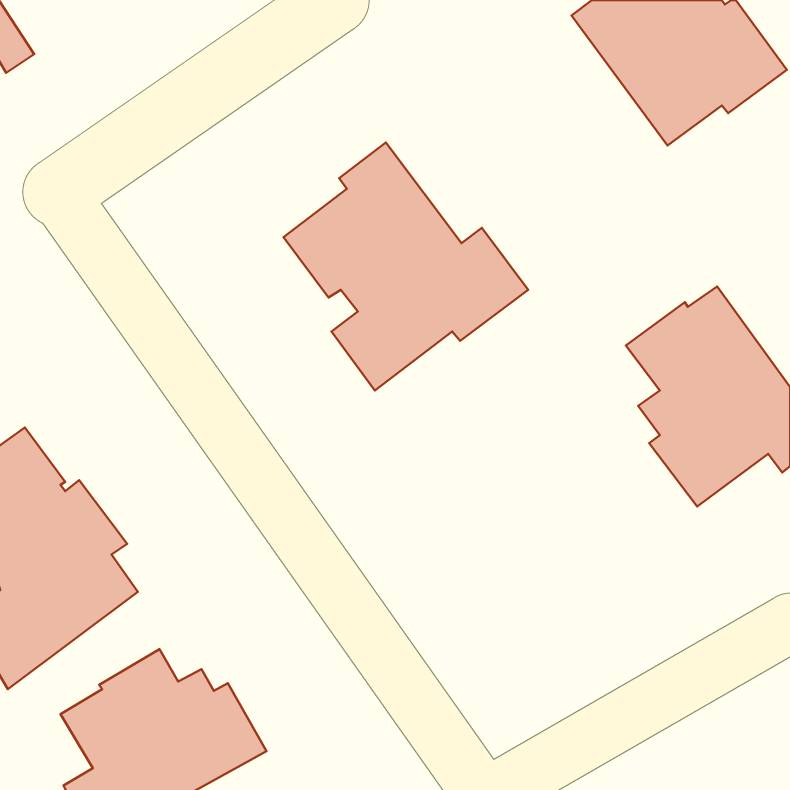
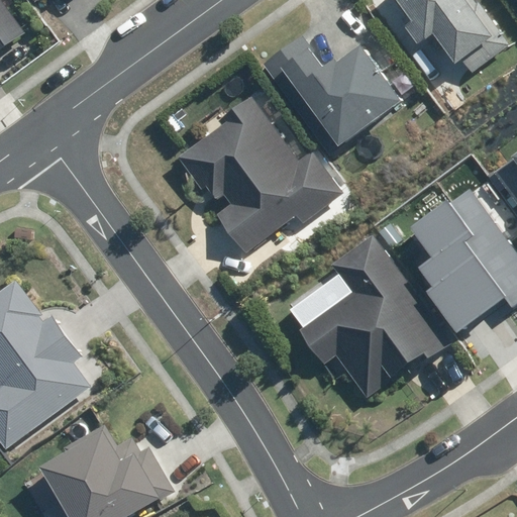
building: none -> [264,35,403,154]
building: none -> [285,233,449,397]

